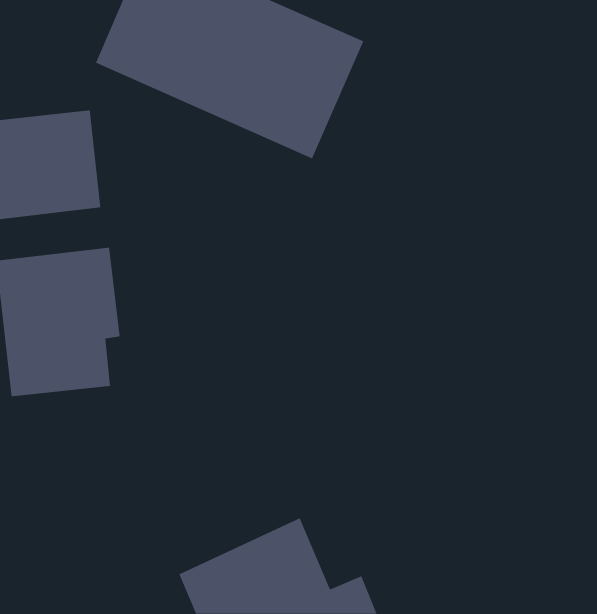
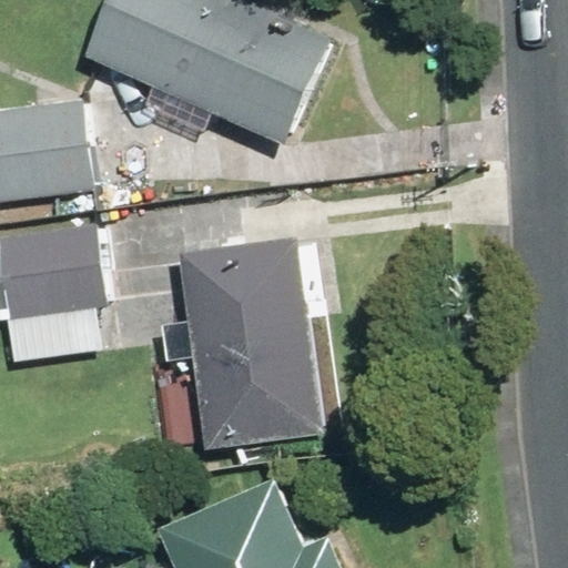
building: none -> [181,241,327,448]

